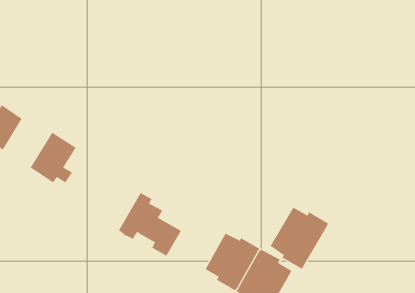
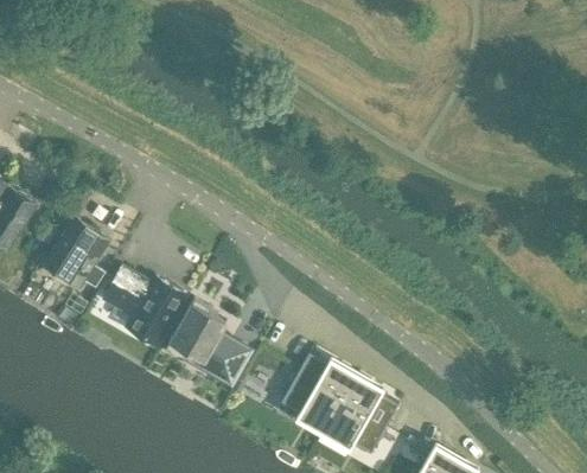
building: none -> [103,268,186,346]
building: [270,207,329,270] -> none

